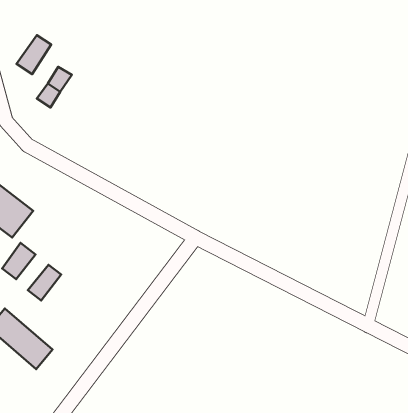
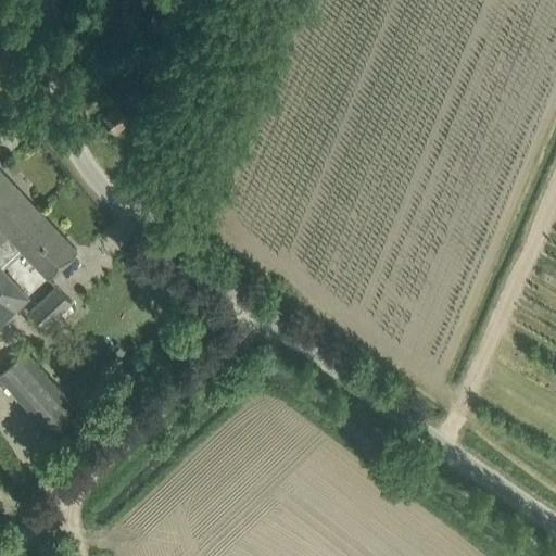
building: [17,35,51,74] -> none
building: [28,265,61,301] -> none

